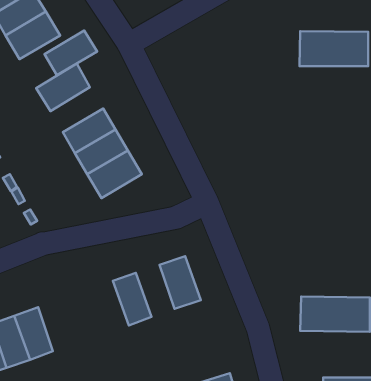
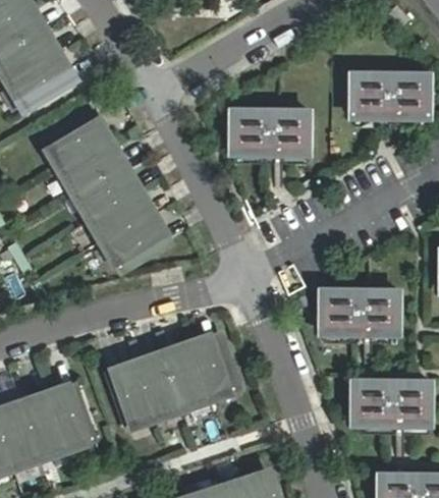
building: [44,30,97,75] -> [63,142,124,193]
building: none -> [231,113,311,154]
building: none -> [321,292,400,334]
building: none -> [162,347,207,407]
building: none -> [106,366,154,428]
building: none -> [49,386,96,447]

